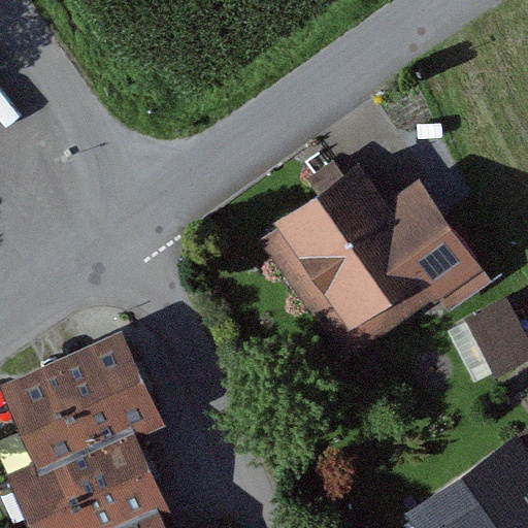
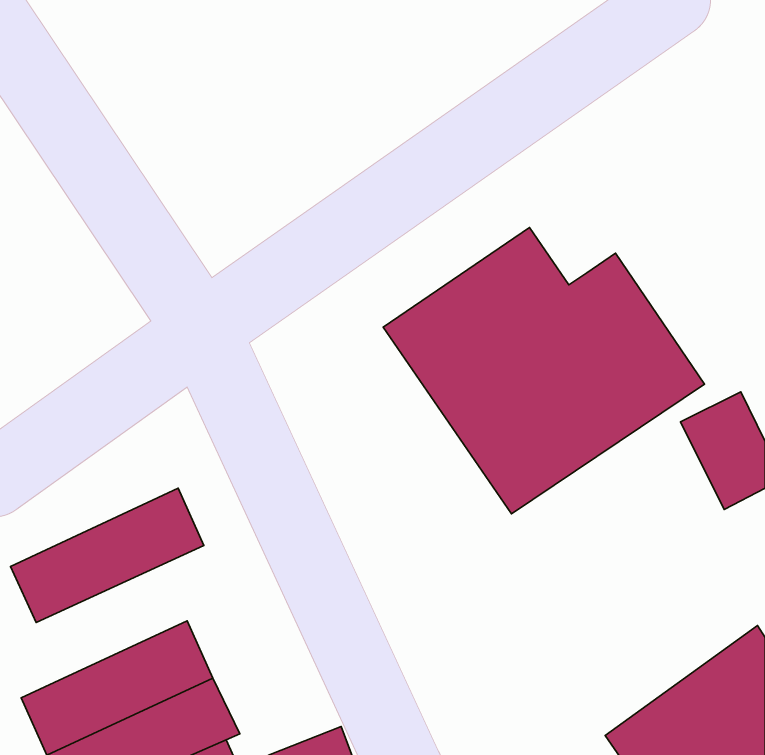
building: [25,384,158,474] -> none

